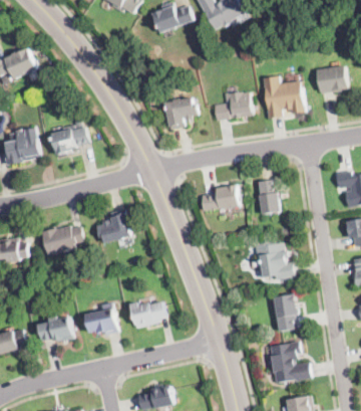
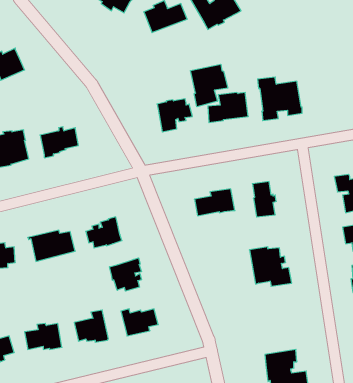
building: none -> [191,64,228,107]
building: [315,66,347,92] -> none
building: none -> [110,258,142,291]
building: [274,293,297,331] -> none

